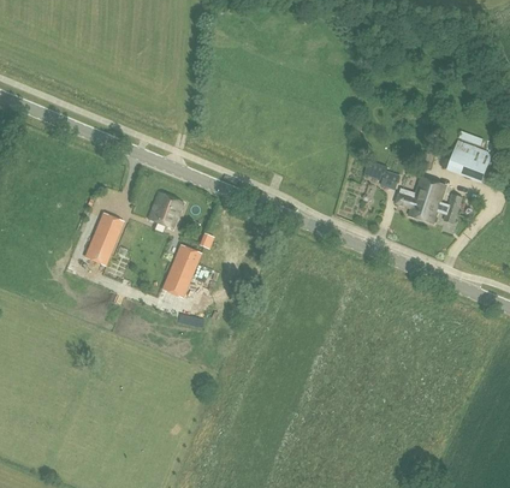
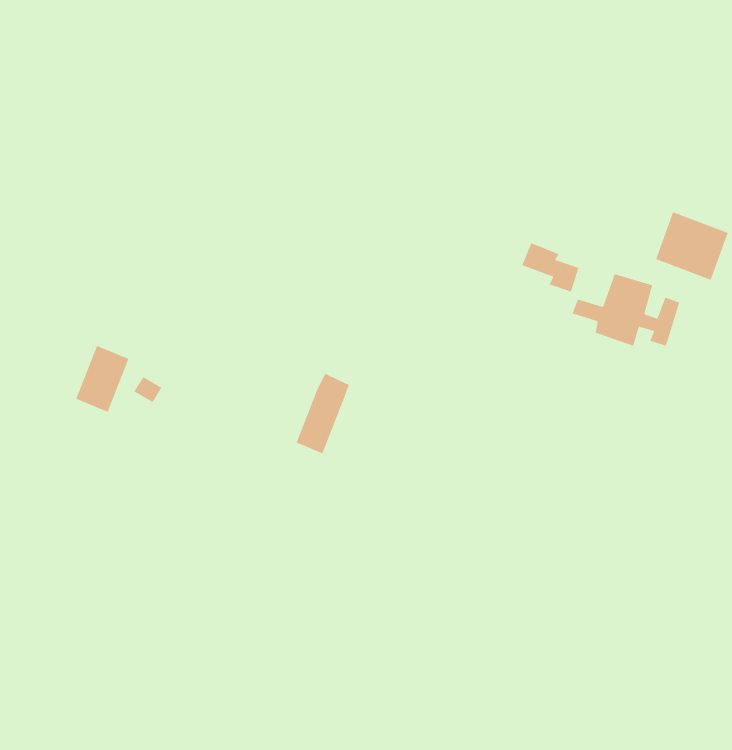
building: [148,191,183,227] -> none
building: [165,245,198,296] -> [296,373,350,454]

